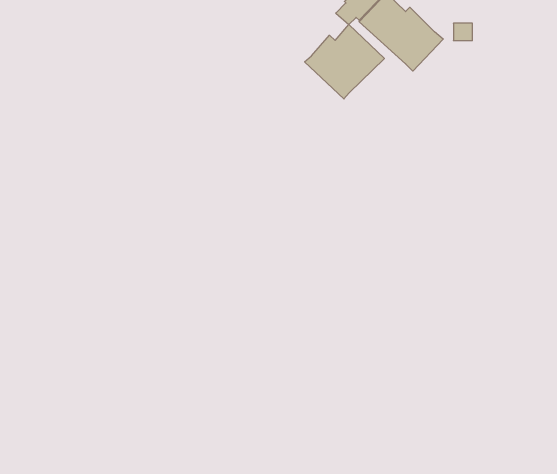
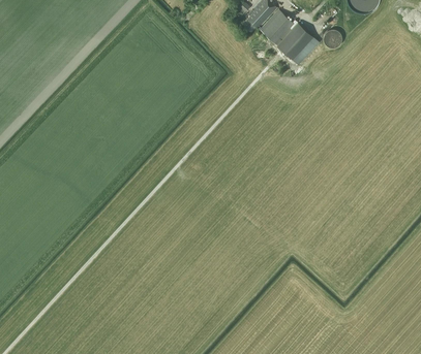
building: [305,25,384,99] -> none

